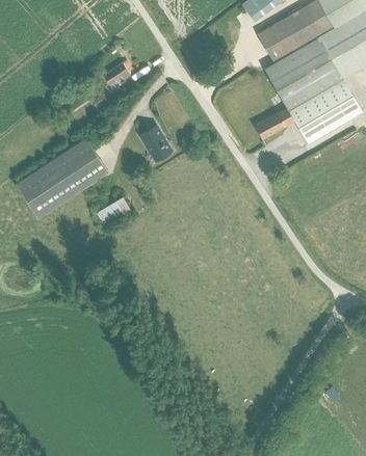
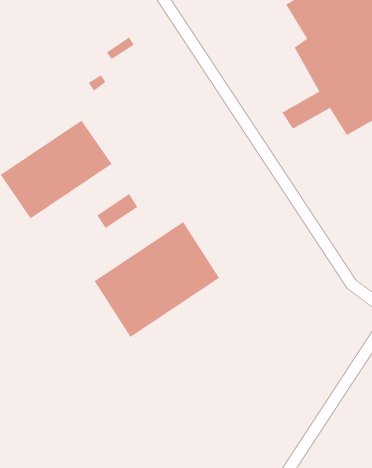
building: [137,122,172,160] -> none
building: none -> [94,221,220,338]

